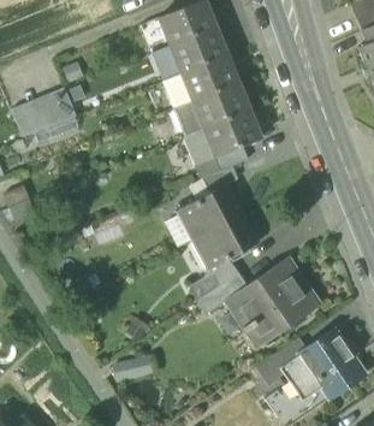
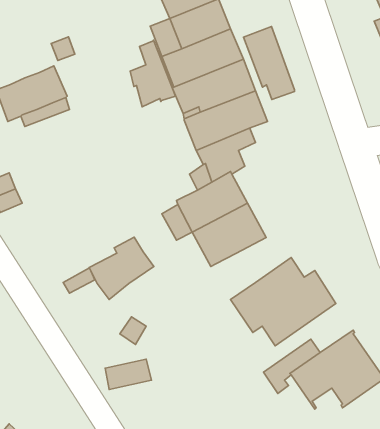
building: none -> [243,26,295,99]
building: none -> [130,40,176,107]
building: [190,259,249,315] -> [89,237,154,299]

